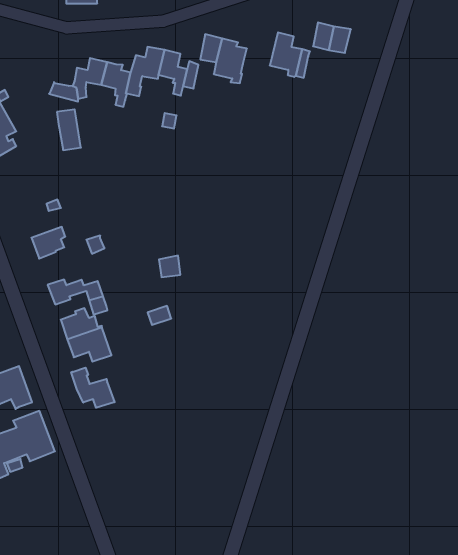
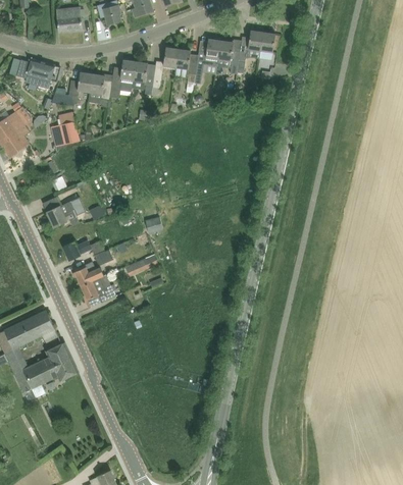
building: none -> [195,38,220,75]
building: none -> [16,59,58,89]
building: [71,368,115,408] -> none

